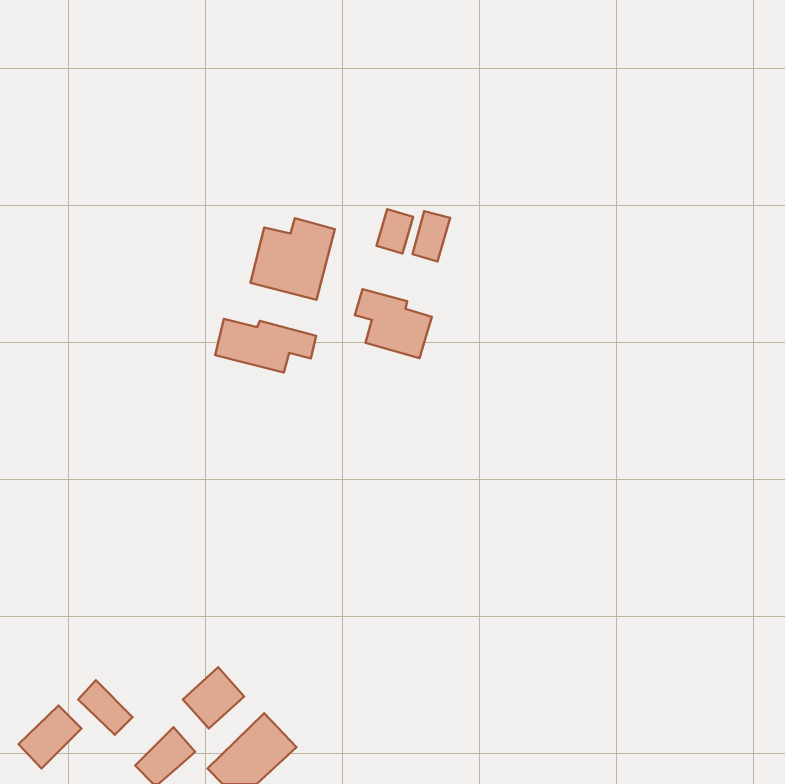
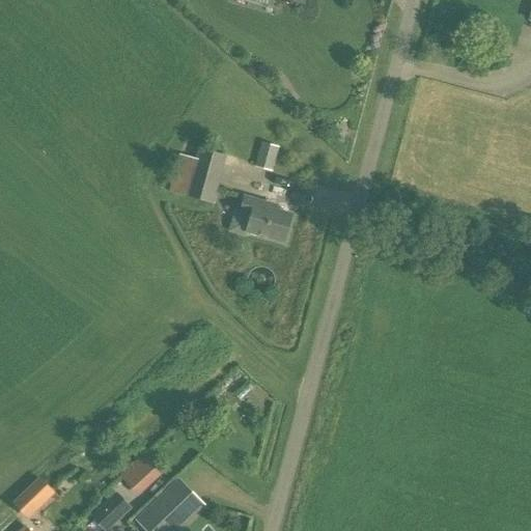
building: [413,211,450,261] -> none
building: [215,319,316,373] -> none
building: [78,680,133,735] -> none

